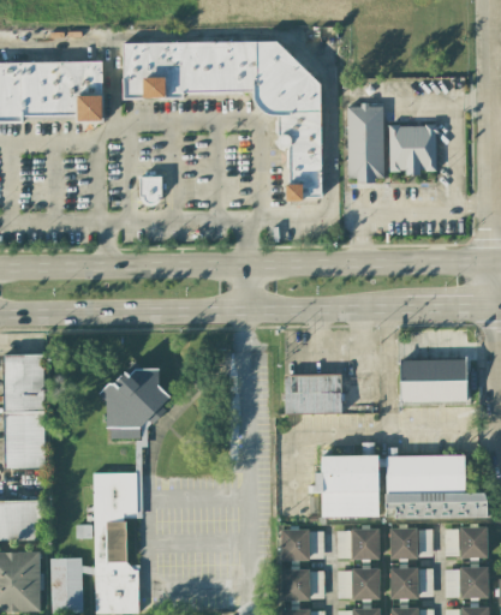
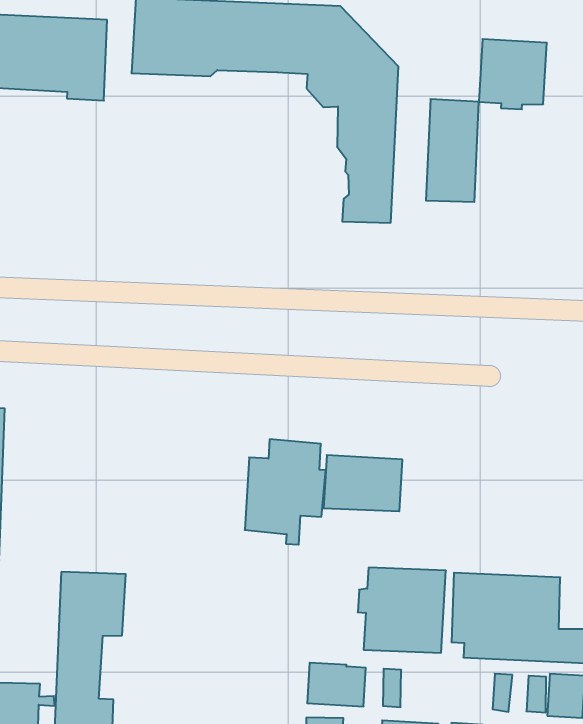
building: [388,124,436,174] -> [479,39,547,109]
building: [139,175,162,204] -> none
building: [400,359,466,402] -> none
building: [106,369,163,446] -> [245,439,326,545]
building: [351,527,378,559] -> none
building: [389,527,417,557] -> none

